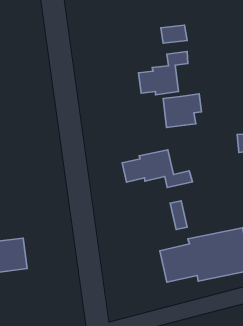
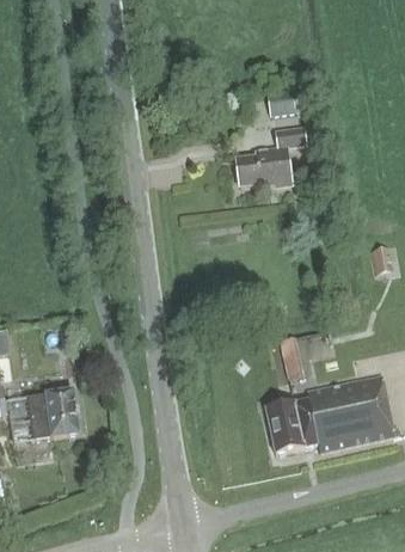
building: [163,94,201,128] -> none
building: [122,150,193,188] -> none

